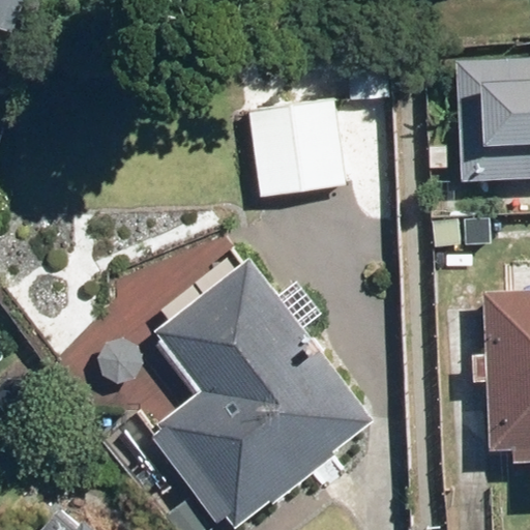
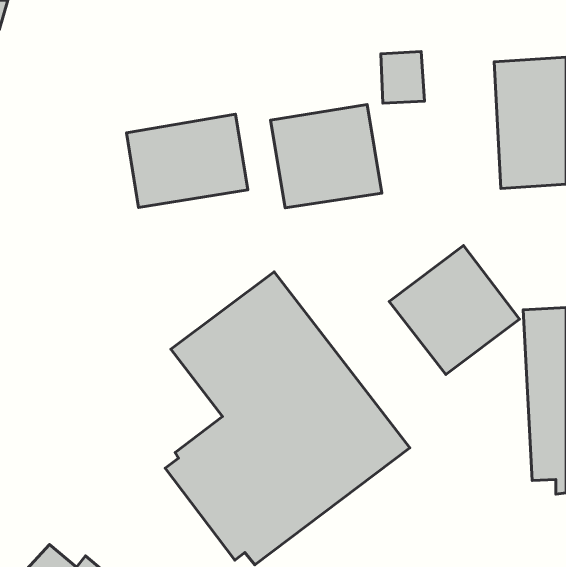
building: none -> [127,114,248,208]
building: none -> [389,245,519,375]

